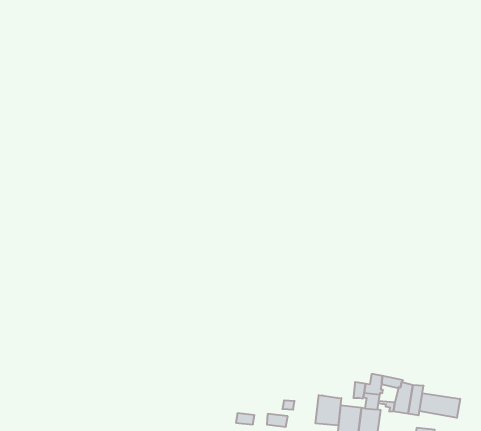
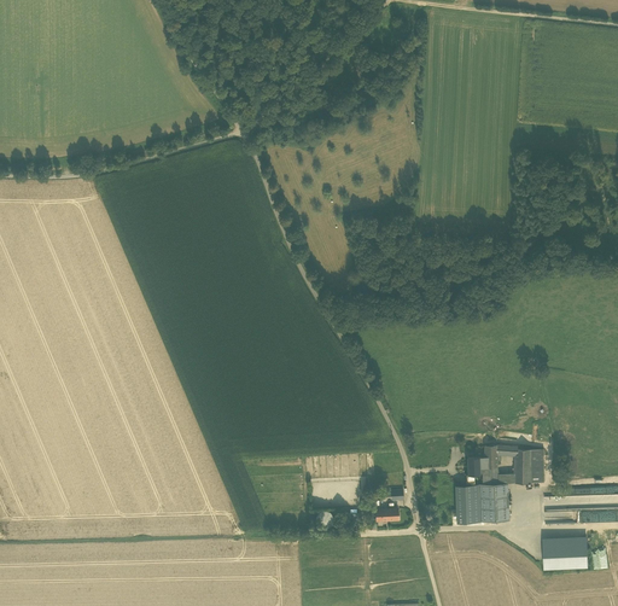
building: [419,393,460,418] -> none
building: [316,395,341,425] -> none

